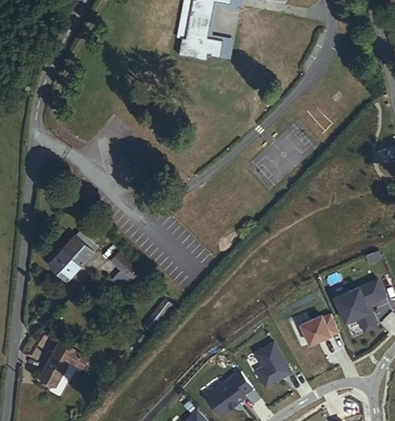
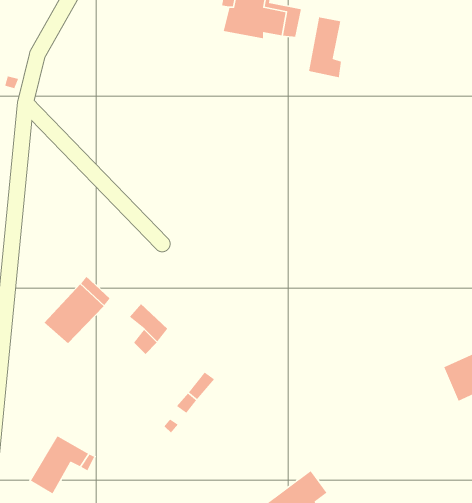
building: none -> [308,17,342,78]
building: [301,312,337,343] -> none
building: [254,341,290,385] -> none

